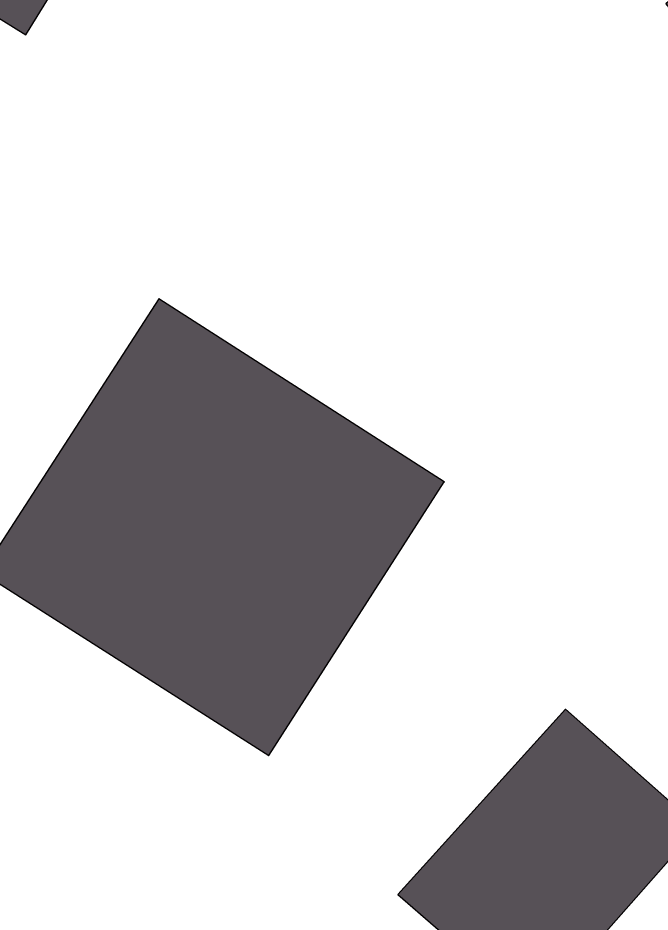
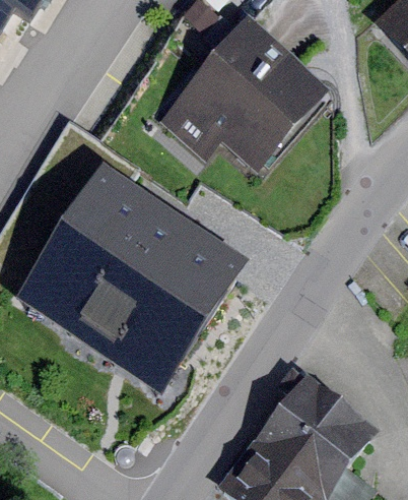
building: none -> [154,10,326,165]

